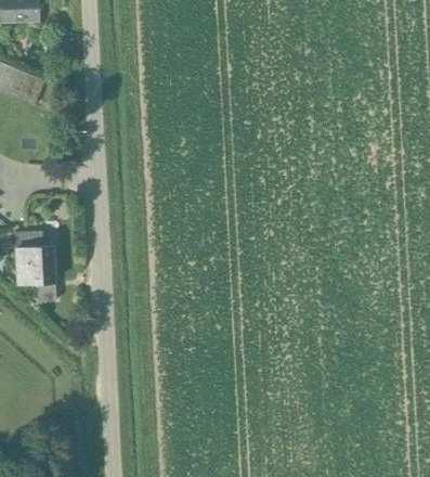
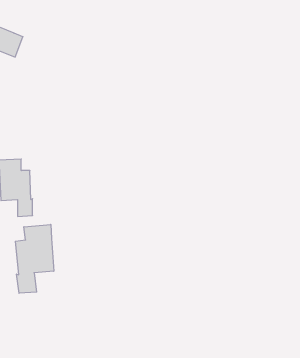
building: none -> [15,224,54,293]

